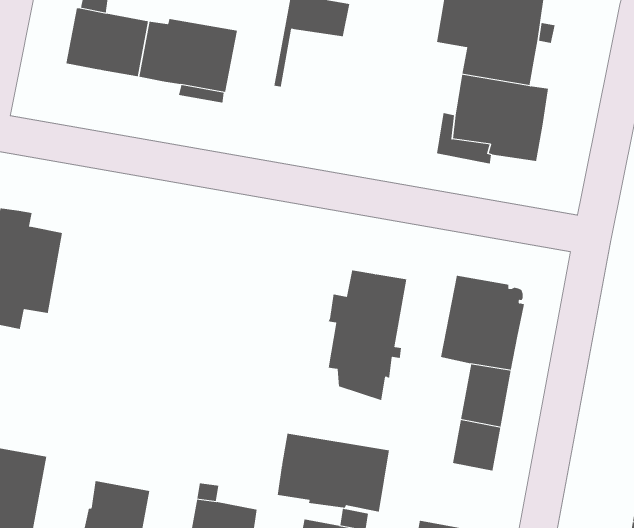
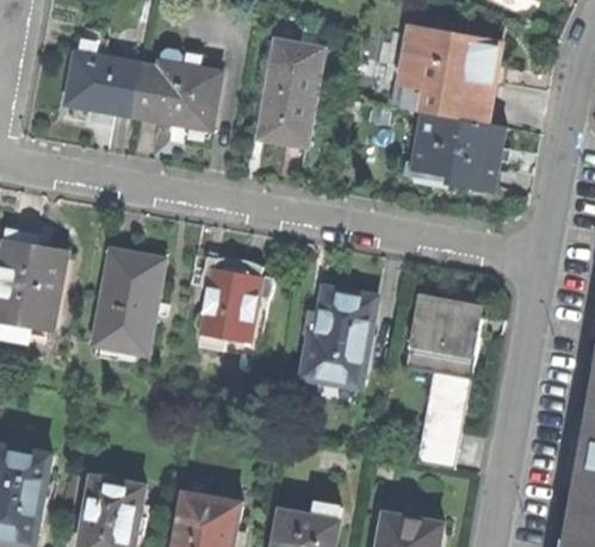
building: none -> [259,70,317,144]
building: none -> [92,249,165,359]
building: none -> [198,257,274,355]
building: [277,433,389,513] -> none

